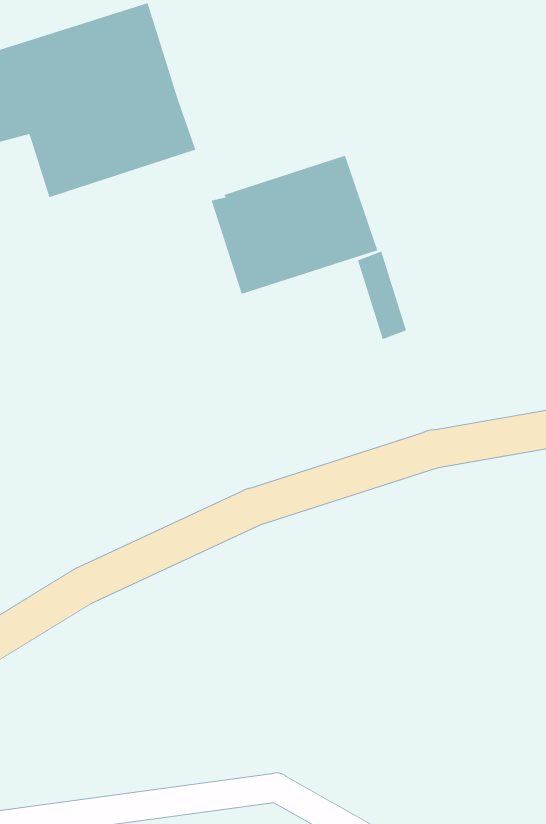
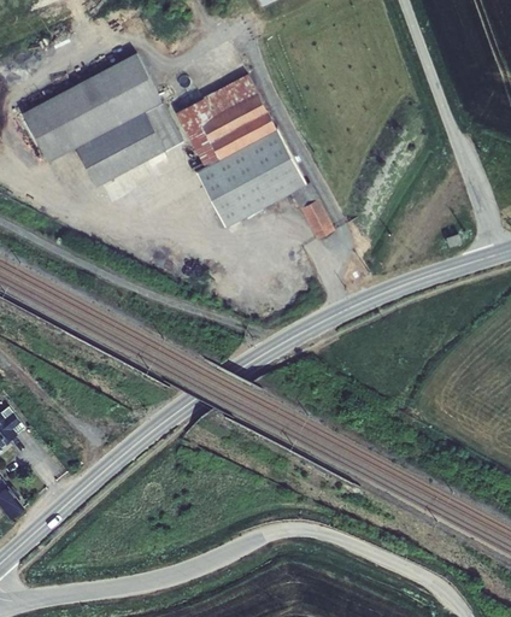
building: none -> [176,76,275,166]

